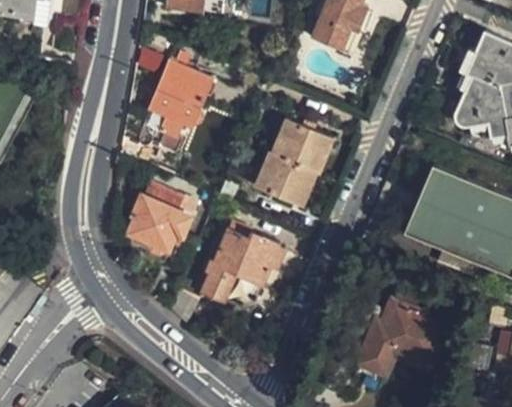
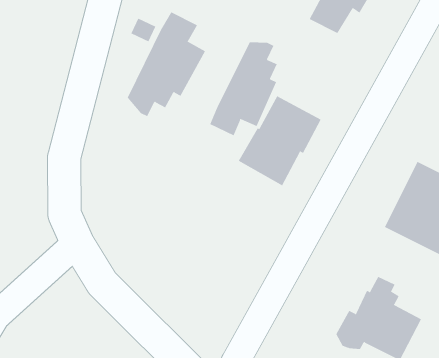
building: none -> [210,42,278,136]
building: [128,184,191,251] -> none
building: [201,229,286,302] -> none

